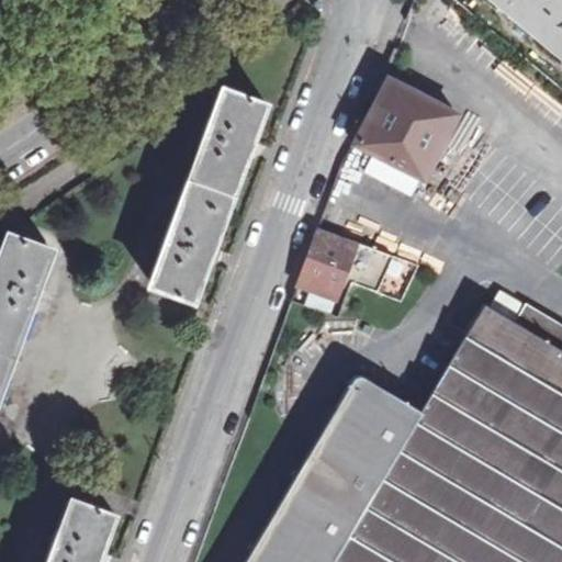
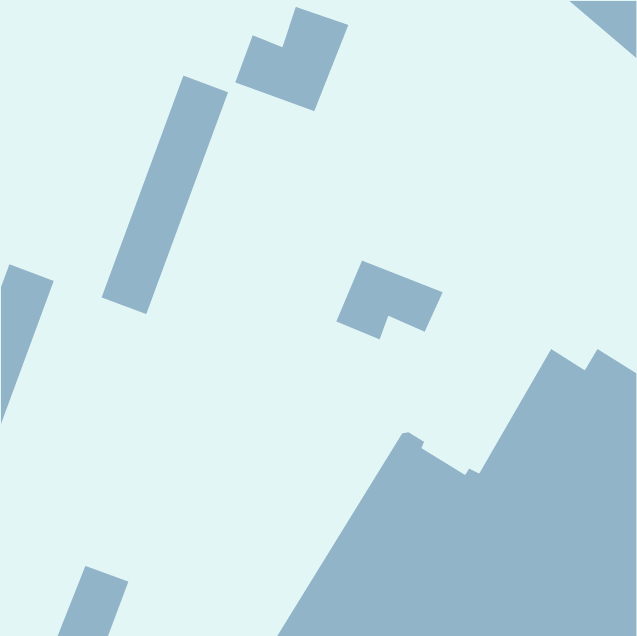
building: none -> [234,6,350,112]
building: [356,77,458,181] -> none
building: [153,88,266,300] -> [101,74,229,315]

